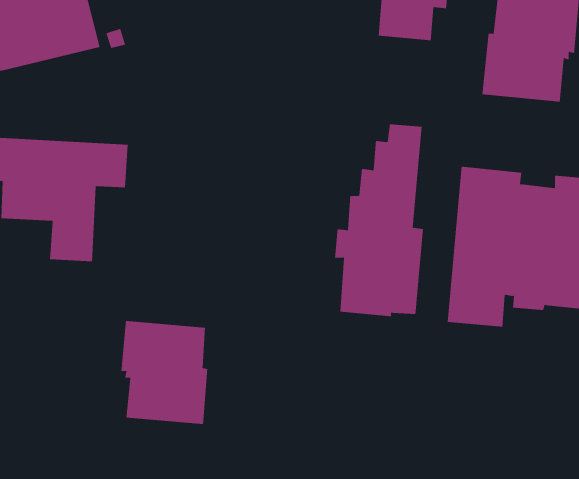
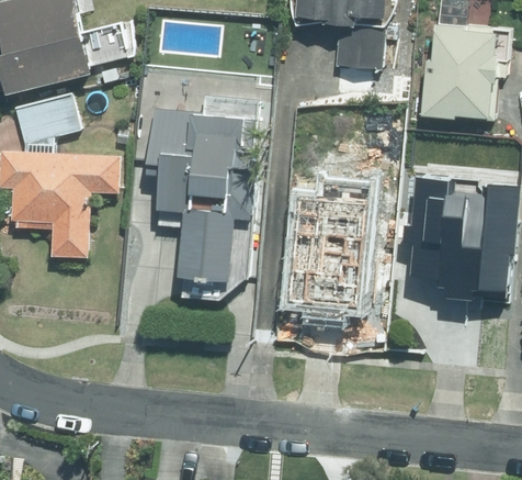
building: none -> [13,94,78,144]
building: none -> [138,98,256,281]
building: [121,320,208,425] -> none

